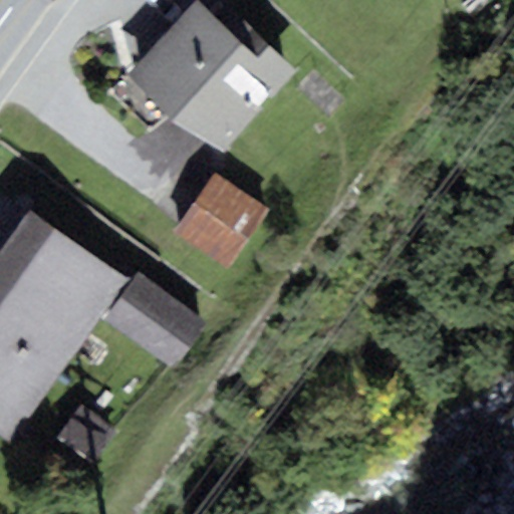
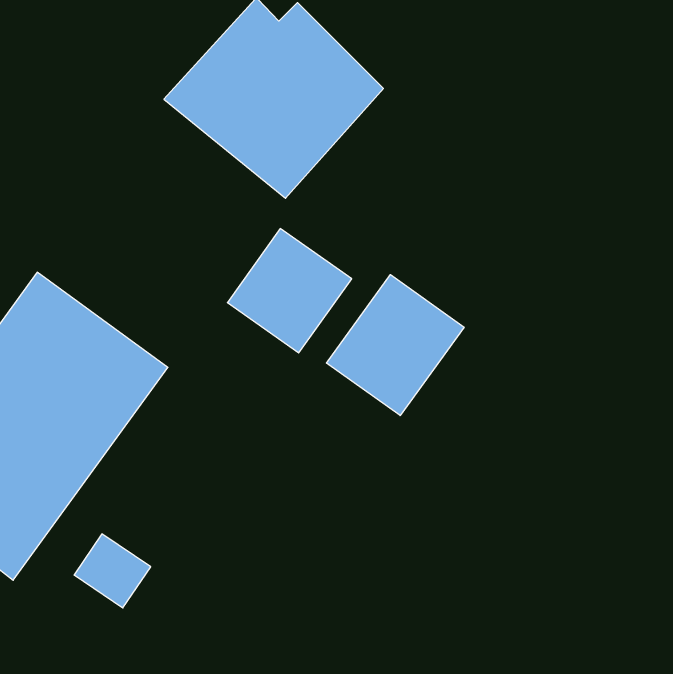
building: none -> [326,275,464,416]
building: [103,272,206,368] -> none

